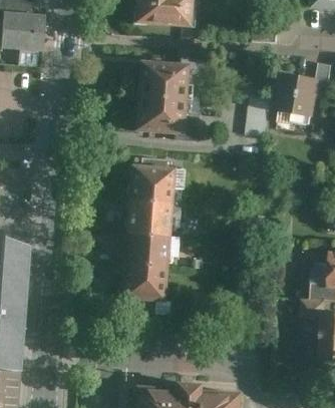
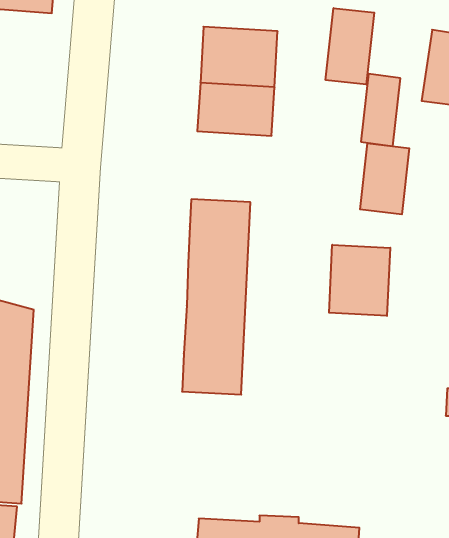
building: none -> [326,8,374,85]
building: none -> [360,143,409,214]
building: none -> [329,245,390,316]

